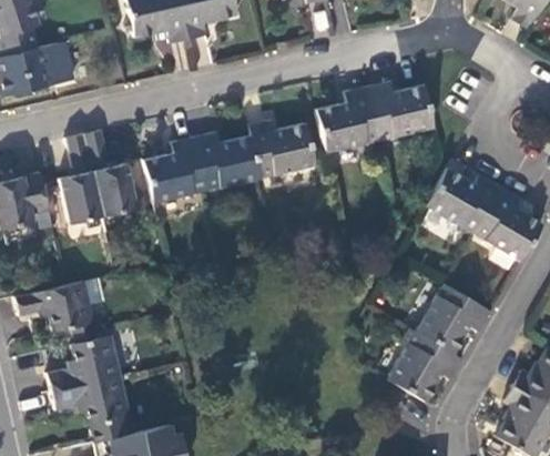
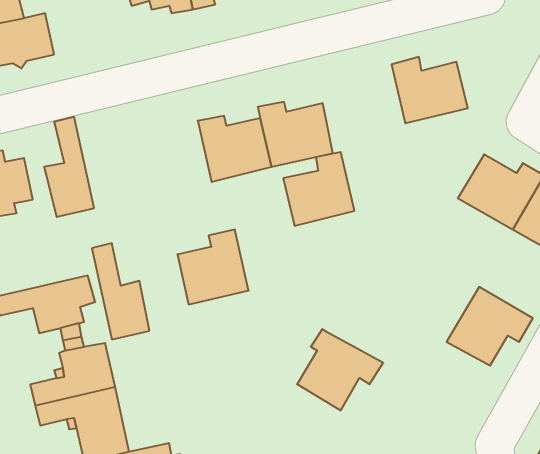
building: [315,87,378,152] -> [283,152,354,226]
building: [84,129,135,214] -> [92,243,149,339]
building: [143,136,206,203] -> [177,229,249,304]
building: [387,330,464,402] -> [297,329,383,410]

